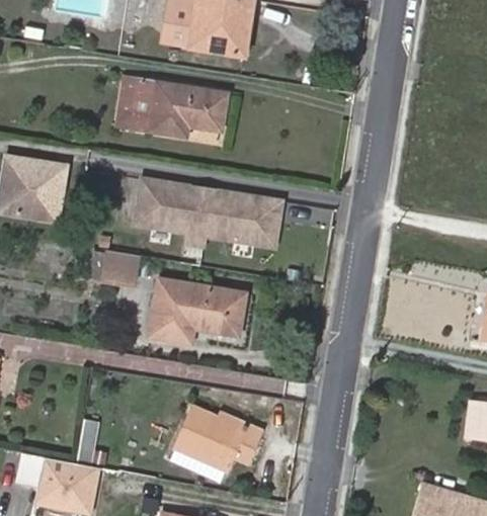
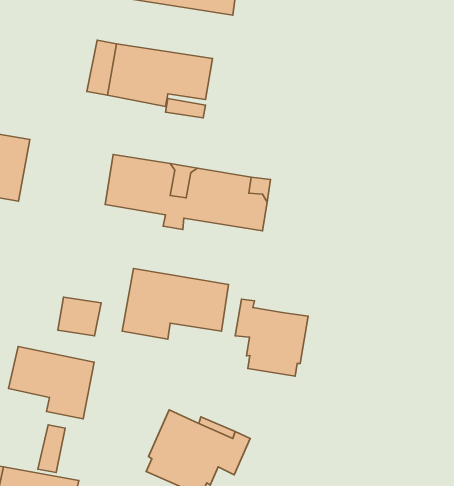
building: [102,250,141,284] -> [58,297,101,336]
building: none -> [235,299,308,376]
building: none -> [9,347,94,419]

